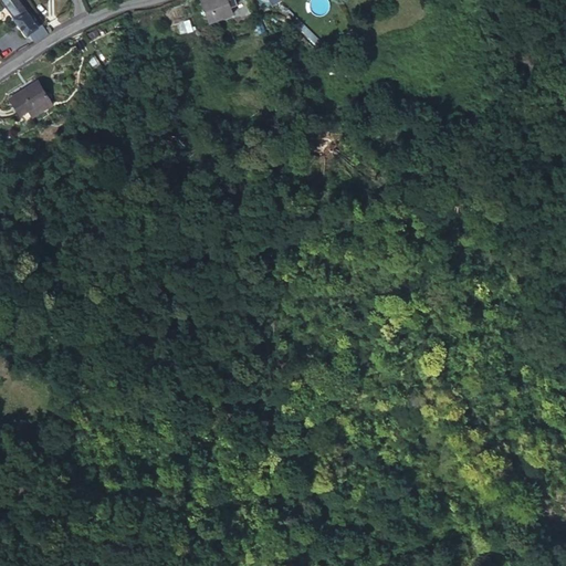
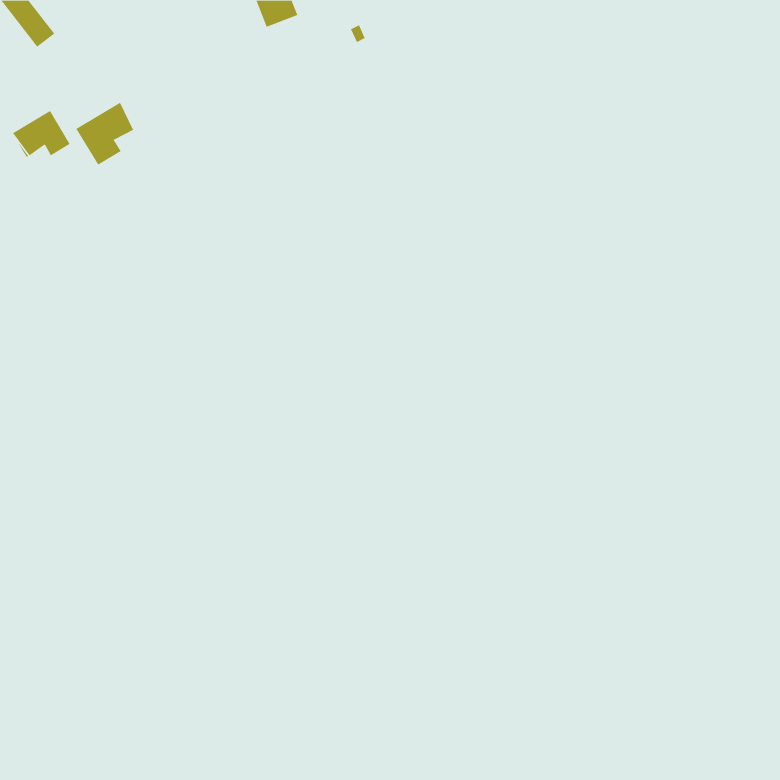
building: none -> [76,102,134,165]

